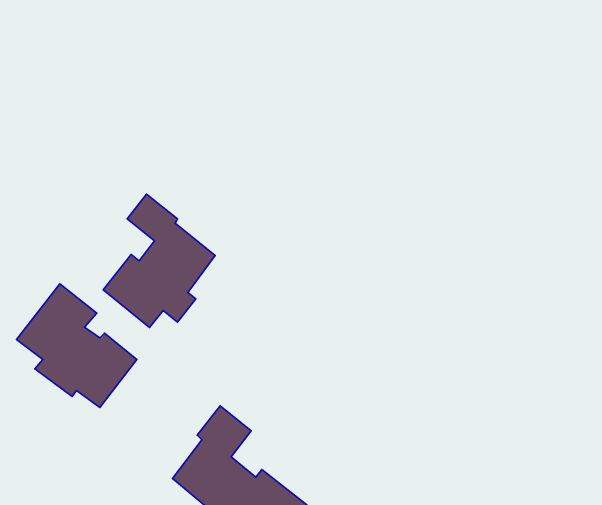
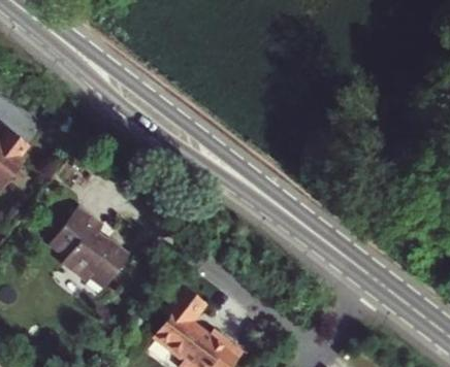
building: [103,194,215,327] -> none

